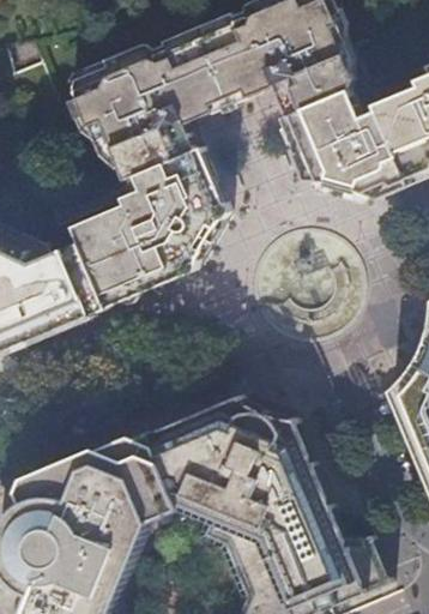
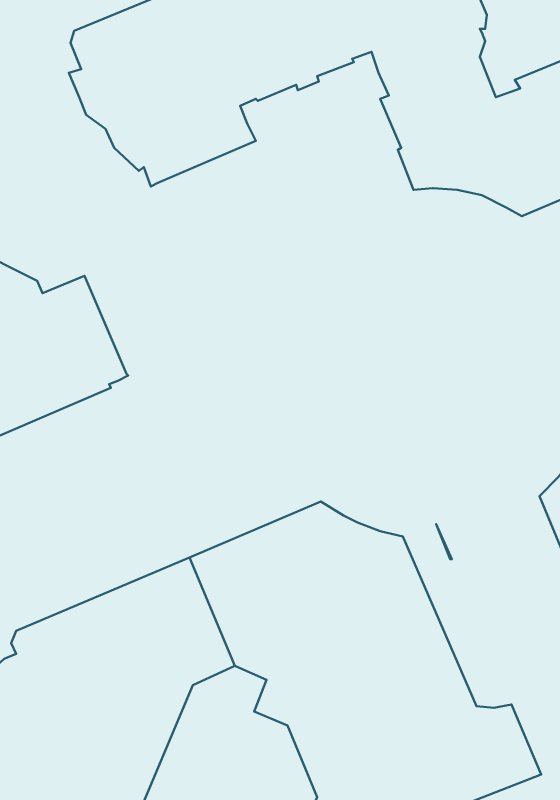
building: [71,148,226,308] -> none

